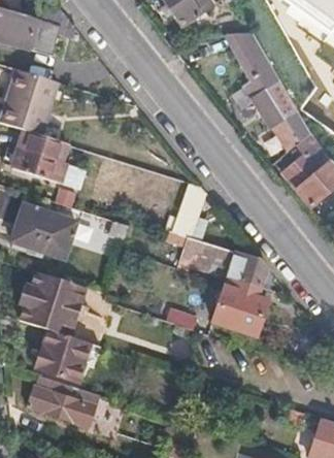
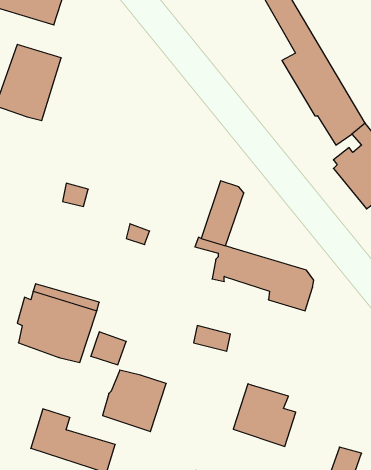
building: [12,130,68,184] -> none
building: [10,205,75,257] -> none
building: [212,283,265,335] -> [233,384,296,446]
building: [37,332,91,384] -> [103,370,166,432]

